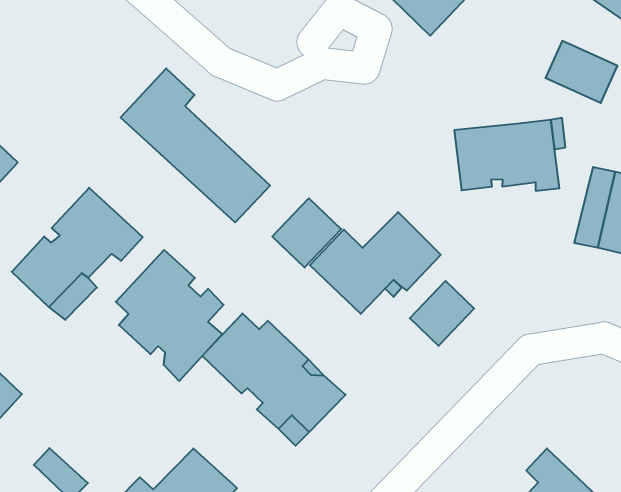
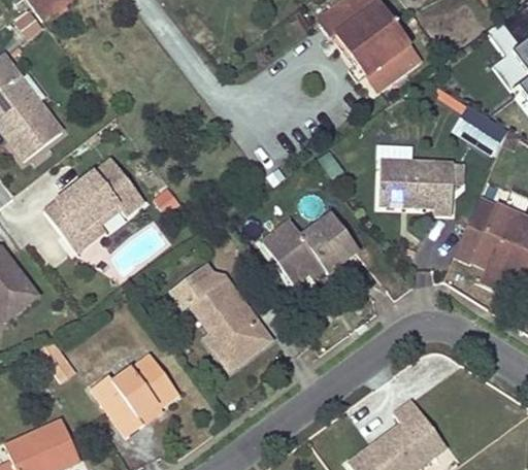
building: [121,68,270,222] -> none
building: [272,198,341,268] -> none
building: [116,250,224,381] -> none
building: [410,281,474,346] -> none

